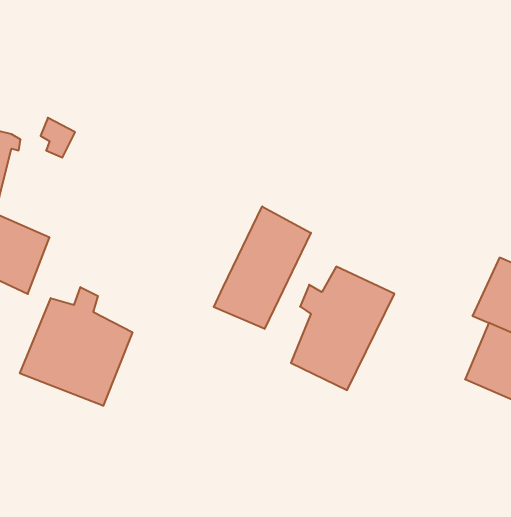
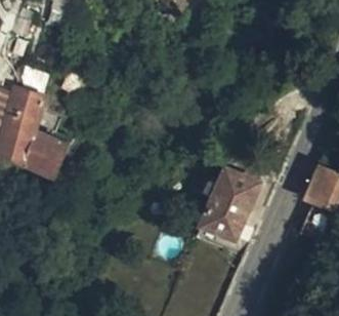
building: [214,206,311,329] -> none
building: [20,287,132,406] -> none

